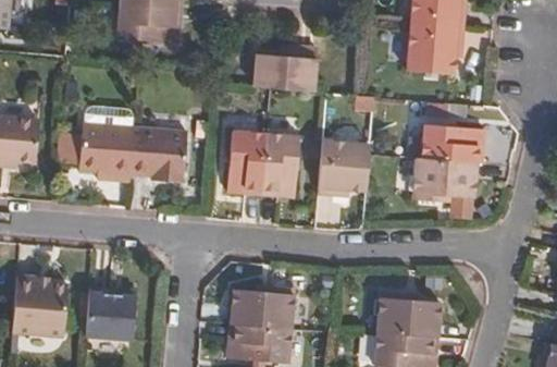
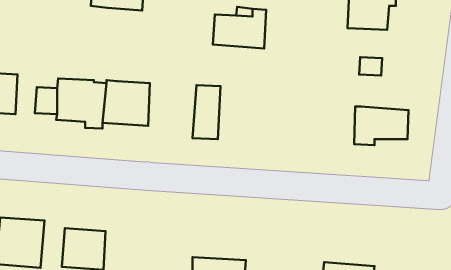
building: [422,123,482,160] -> none
building: [261,133,292,195] -> none
building: [318,138,368,193] -> none
building: [233,283,298,329] -> none
building: [381,288,441,335] -> none

